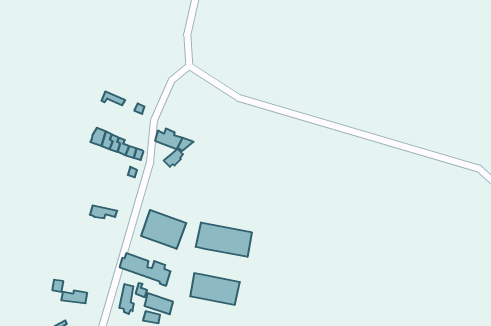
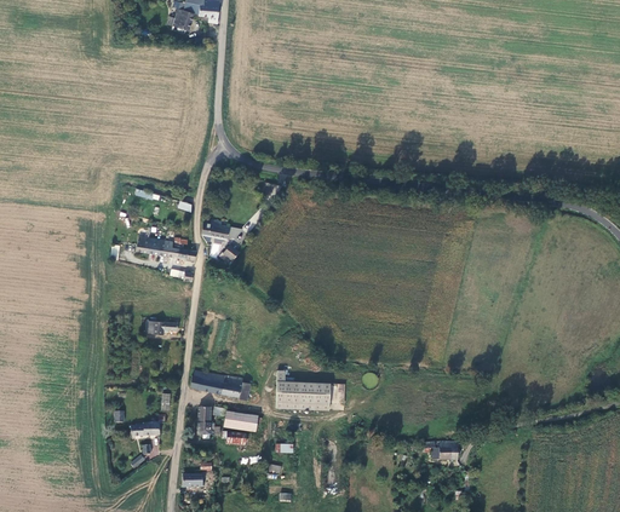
building: [141,210,186,249] -> none
building: [196,222,252,257] -> none

